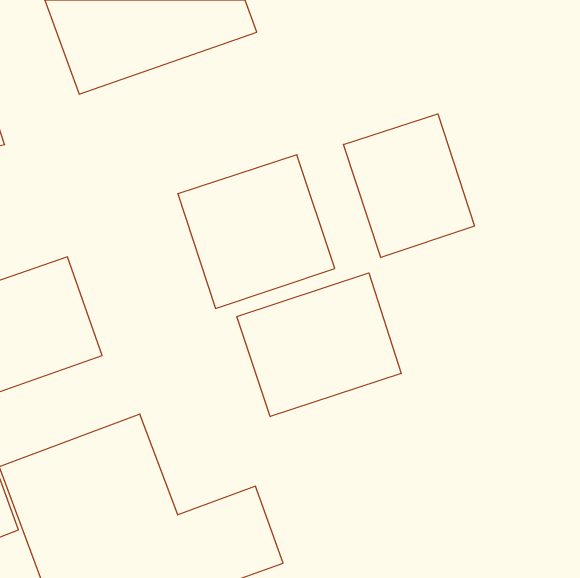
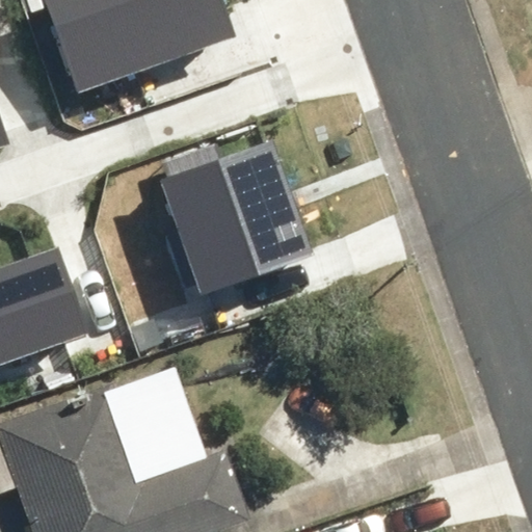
building: [343,114,475,258] -> none
building: [237,273,401,417] -> none

